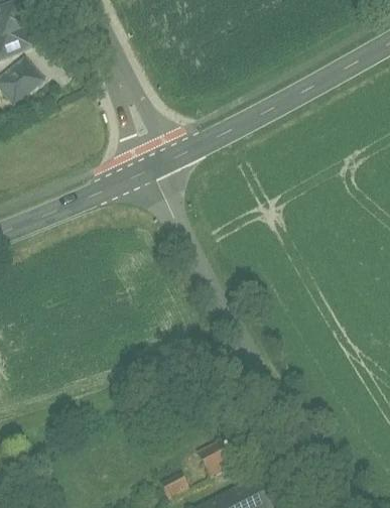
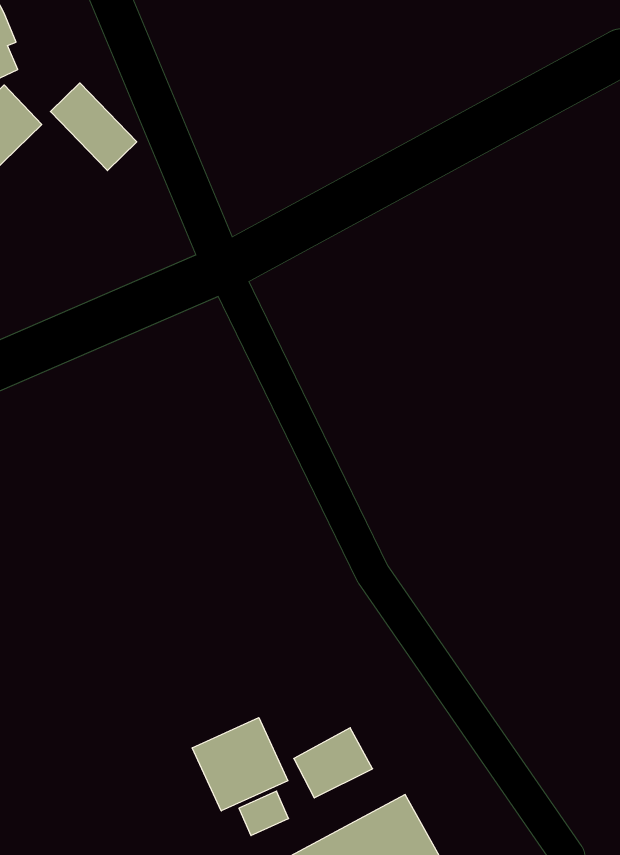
building: none -> [50,83,137,171]
building: none -> [192,718,288,811]

